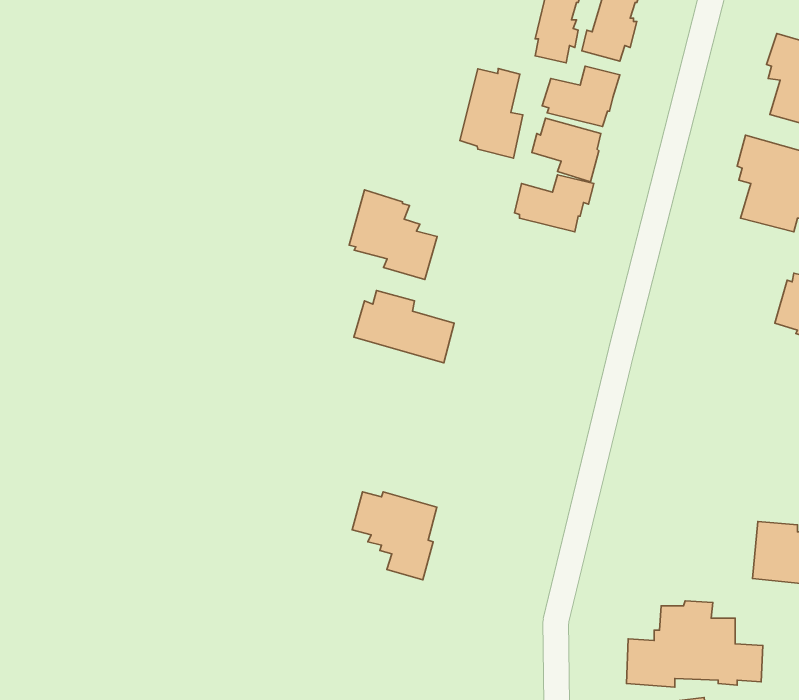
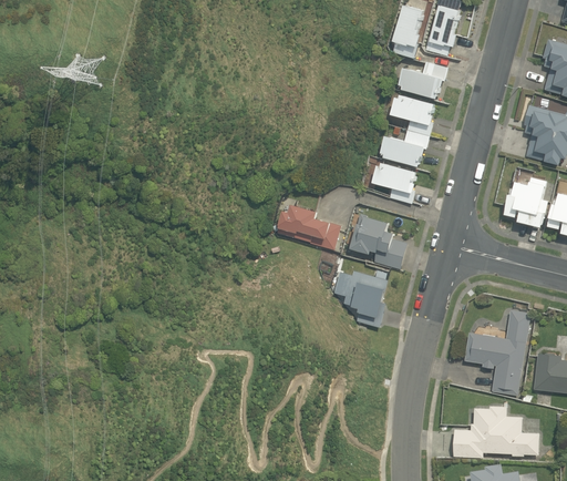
building: [460,69,523,158] -> none
building: [349,190,437,279] -> [350,212,406,269]
building: none -> [372,162,417,202]
building: none -> [503,174,548,226]
building: none -> [464,309,530,395]
building: [352,492,437,580] -> [333,269,388,326]

